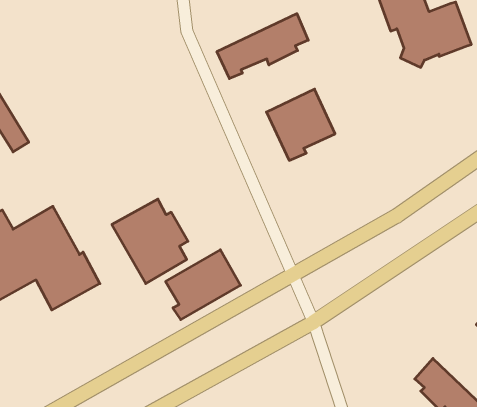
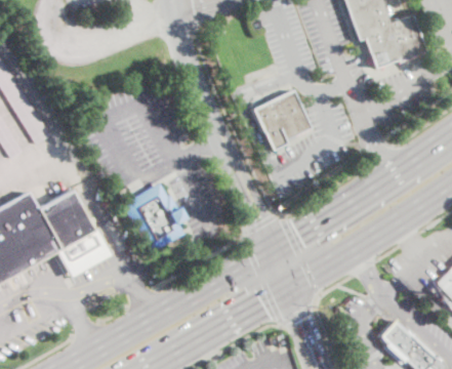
building: [217,14,308,79] -> none
building: [166,250,241,320] -> none

